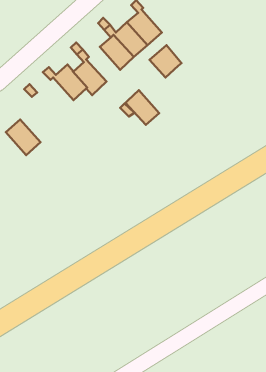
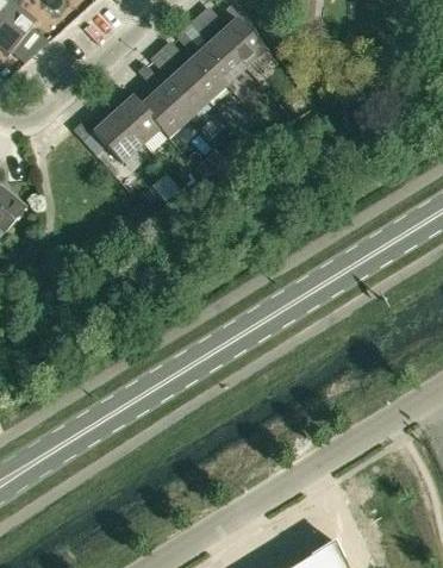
building: [150,45,181,78] -> none
building: [125,90,159,125] -> [160,69,207,118]
building: [6,119,41,155] -> [93,112,142,162]

